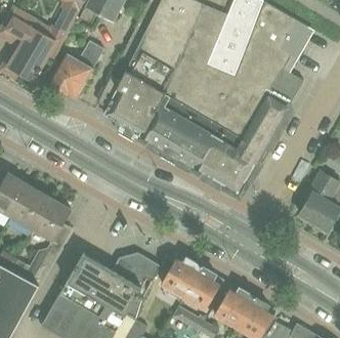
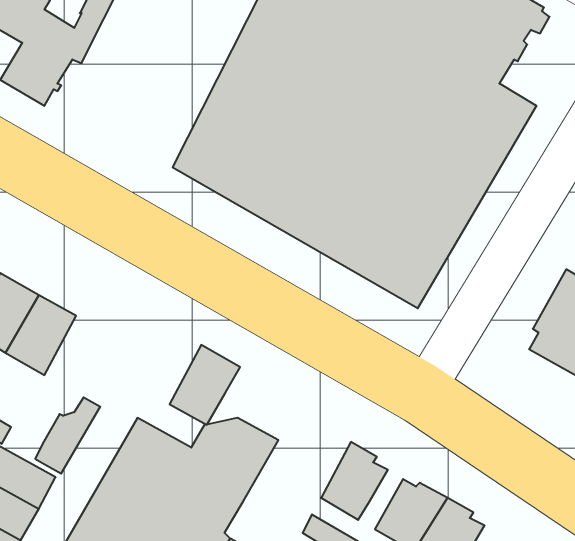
building: [48,41,103,98] -> none
building: [32,197,71,241] -> [170,345,240,425]
building: [161,256,201,297] -> none

